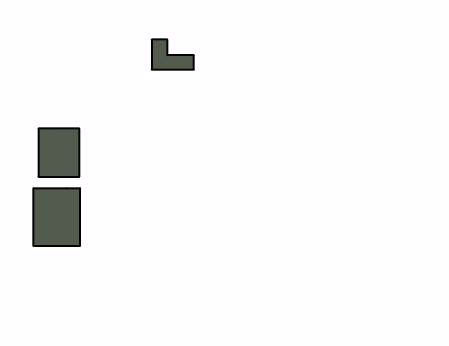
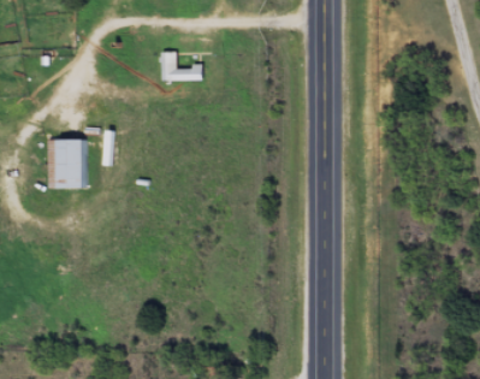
building: [34,188,80,246] -> none

